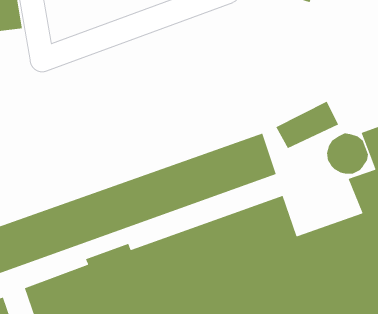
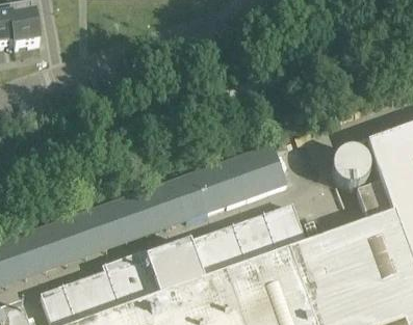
building: [275,101,339,149] -> none

